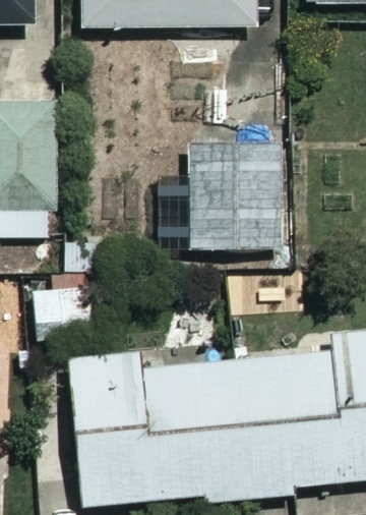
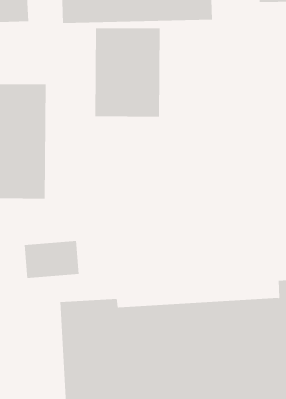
building: none -> [95,27,160,118]
building: [155,138,281,249] -> none

